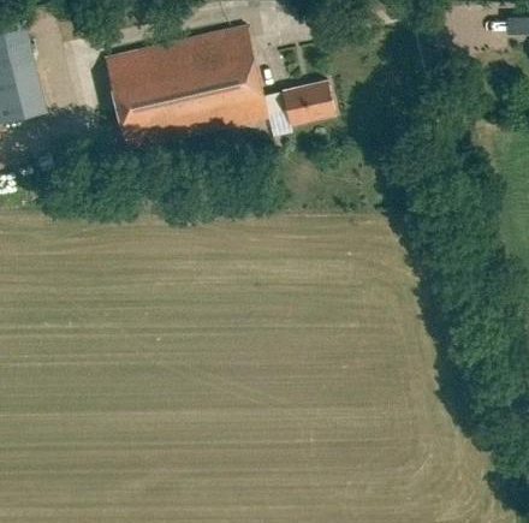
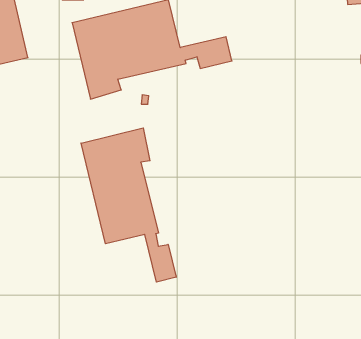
building: none -> [81,128,176,282]

